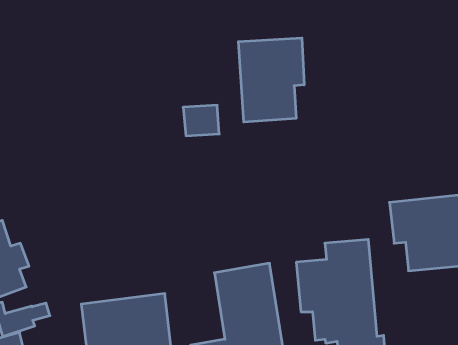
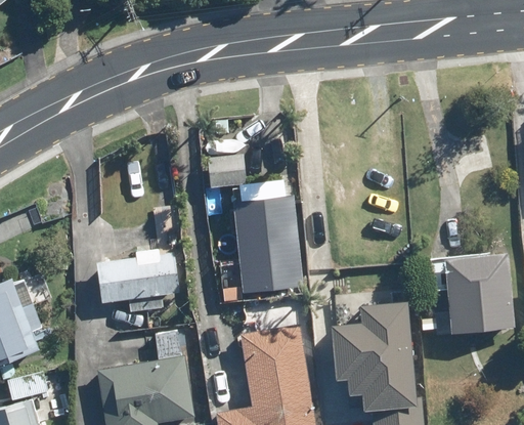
building: [238,38,304,122] -> none
building: none -> [231,194,303,292]
building: none -> [96,247,178,311]

